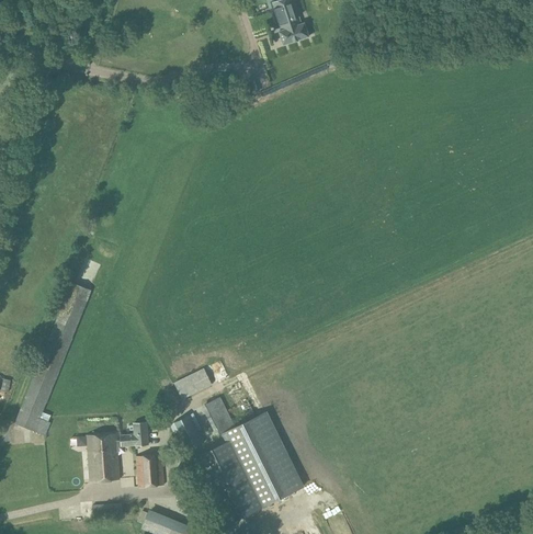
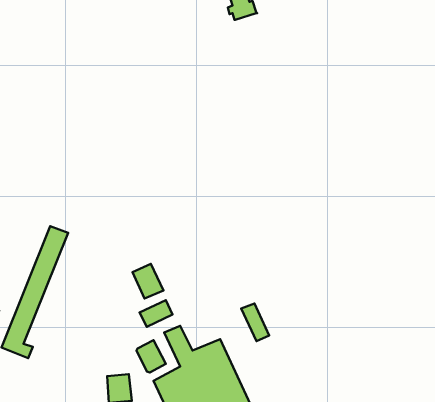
building: none -> [133,264,163,299]
building: none -> [241,304,269,341]
building: [88,421,149,480] -> none

